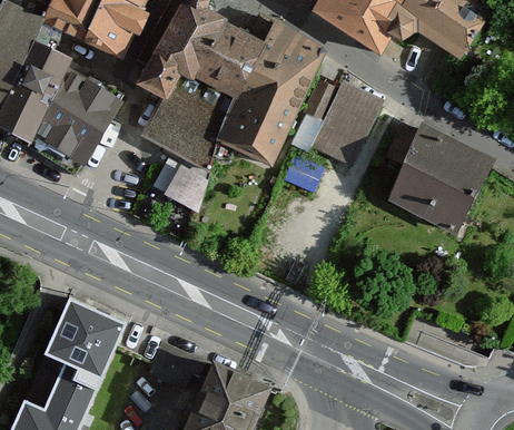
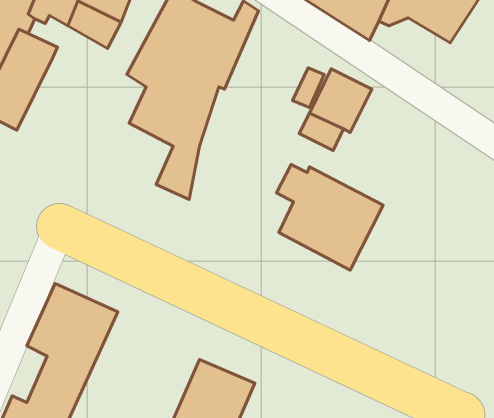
building: [212,25,318,165] -> none
building: [31,70,119,176] -> none
building: [385,126,490,229] -> [277,164,383,270]
building: [147,342,205,389] -> none

